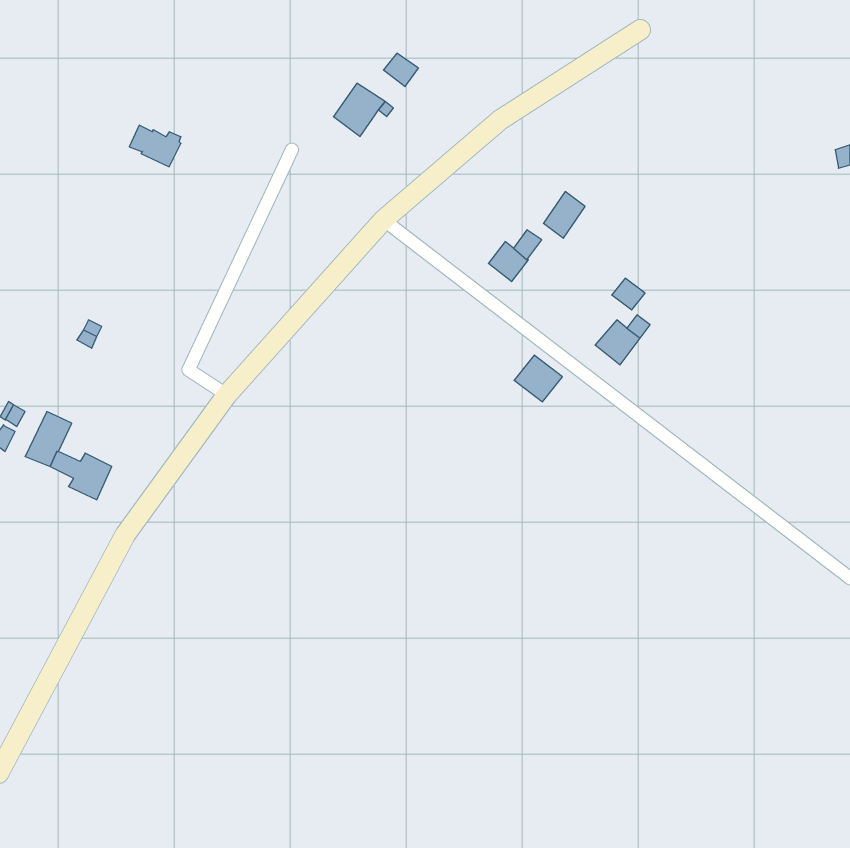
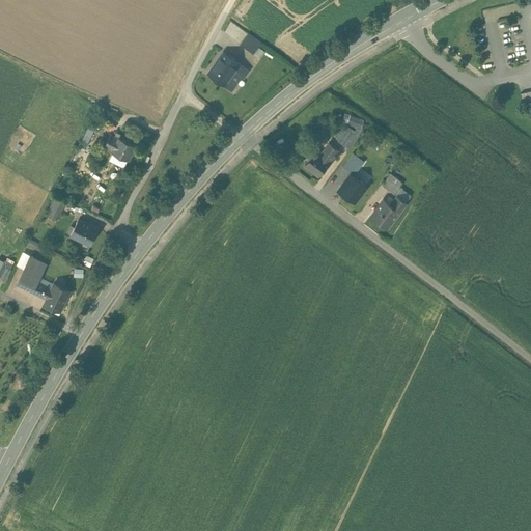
building: [129,125,181,167] -> [103,136,135,162]
building: none -> [69,220,97,246]
building: [514,355,562,402] -> [338,171,368,200]

